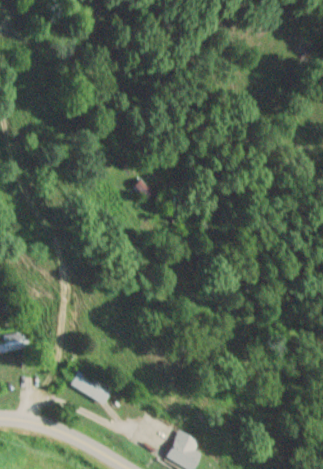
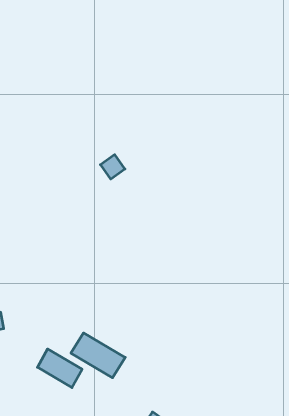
building: none -> [71,333,125,378]

